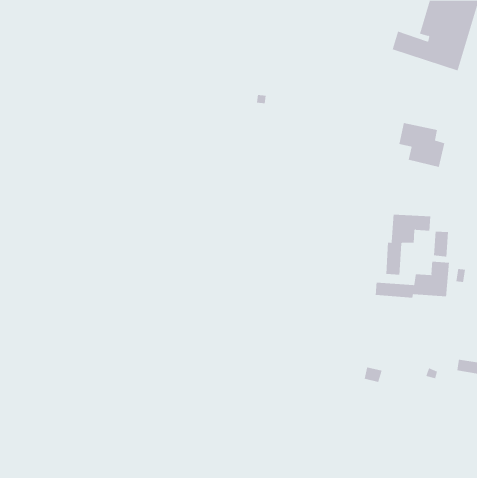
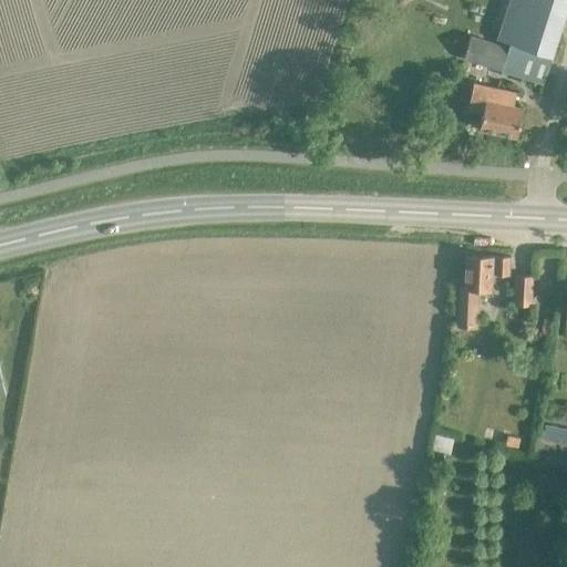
building: [399,123,445,167] -> [468,84,524,137]
building: [375,261,450,298] -> none

